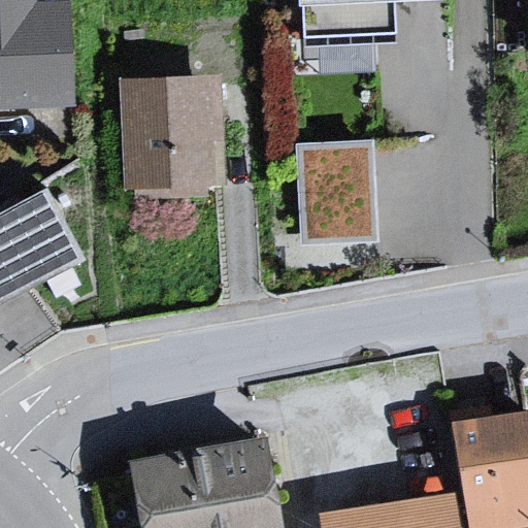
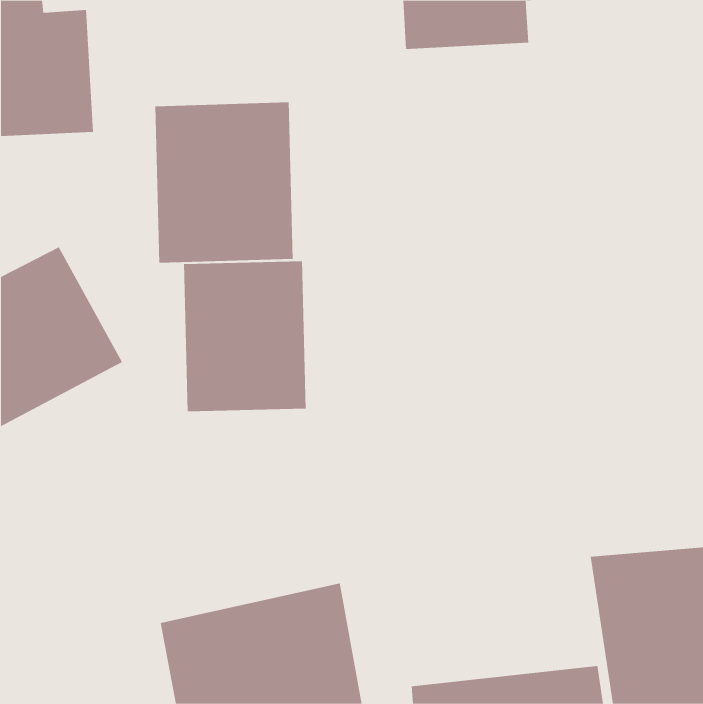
building: [298,130,378,232] -> none
building: none -> [184,260,306,412]

